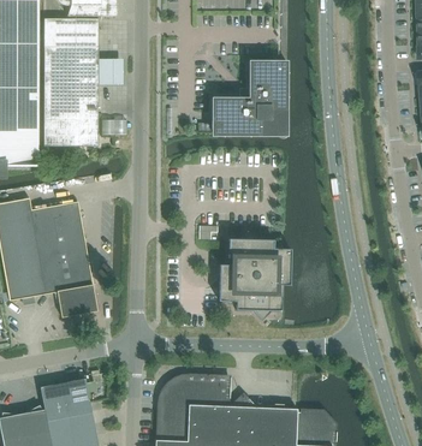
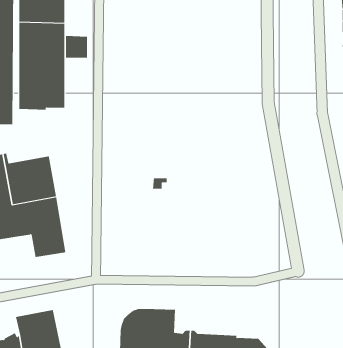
building: [210,60,286,136] -> none
building: [220,231,287,319] -> none

